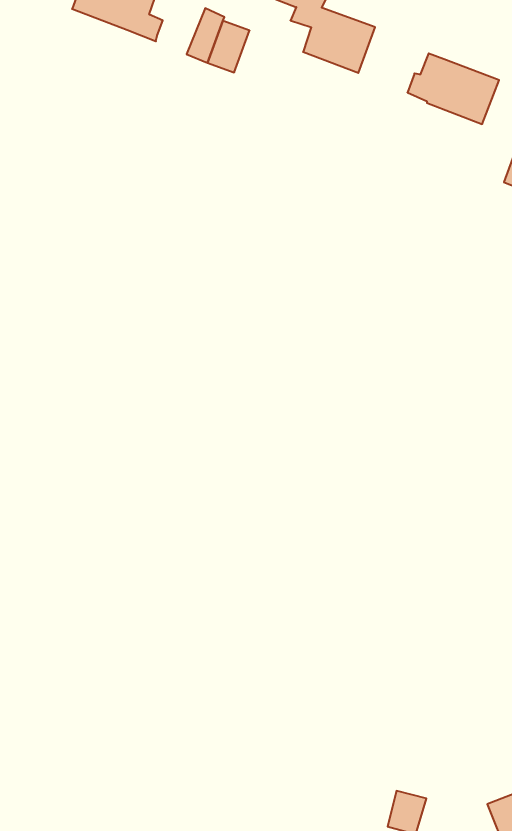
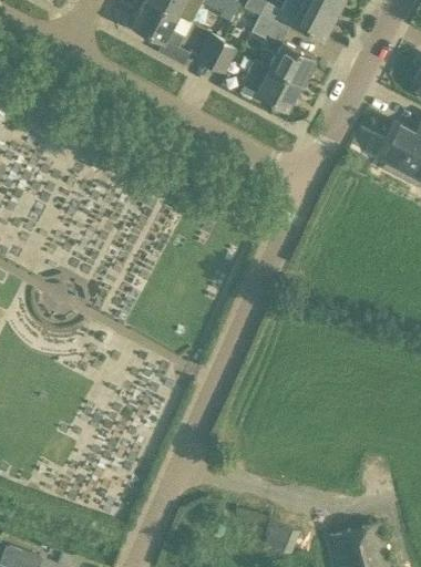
building: [407,53,499,124] -> [243,62,299,109]

